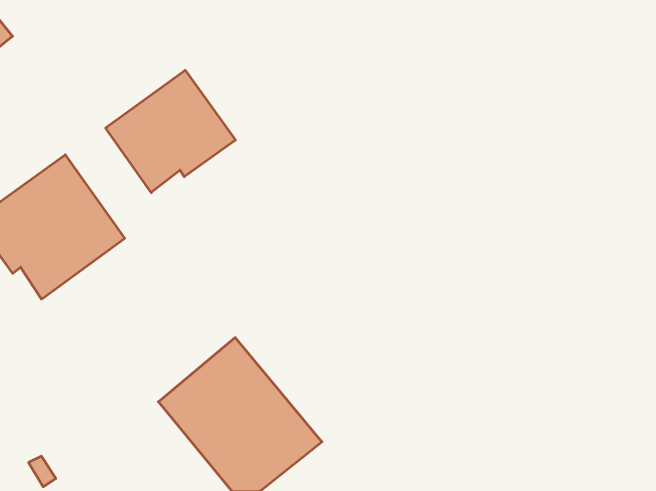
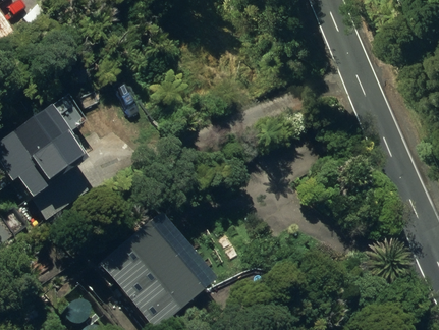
building: [106,70,235,193] -> none

